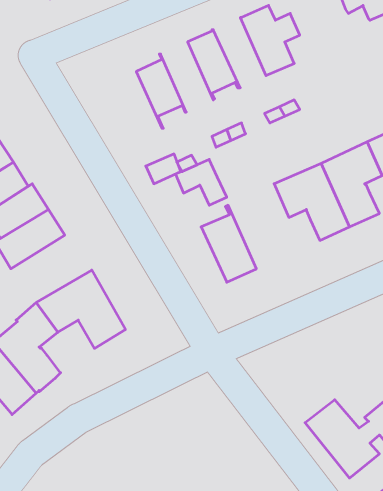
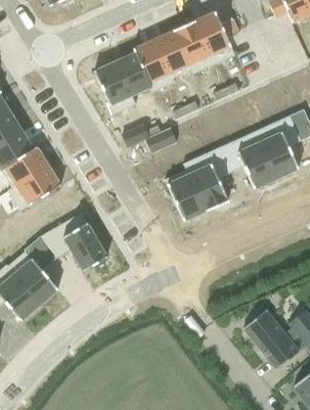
building: none -> [174,20,214,74]
building: none -> [134,39,174,92]
building: none -> [94,61,135,115]
building: none -> [185,146,231,211]

